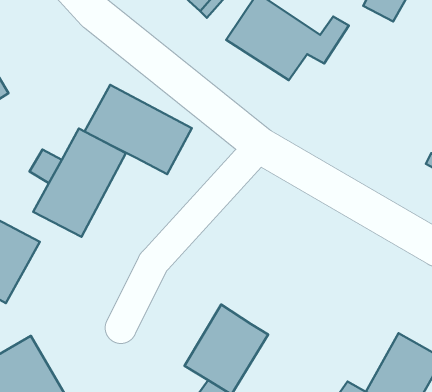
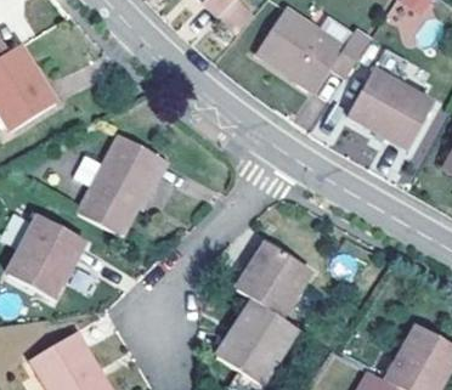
building: none -> [345,72,433,149]
building: [85,85,192,174] -> none
building: none -> [237,241,311,317]

